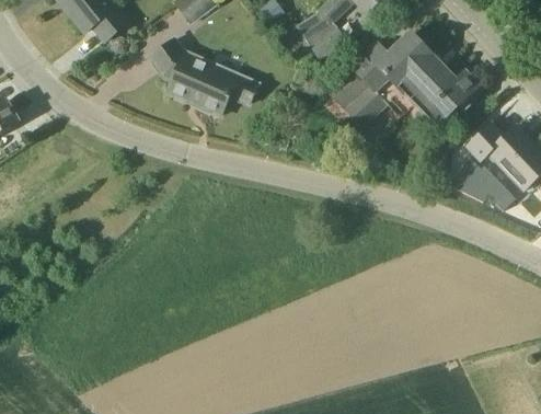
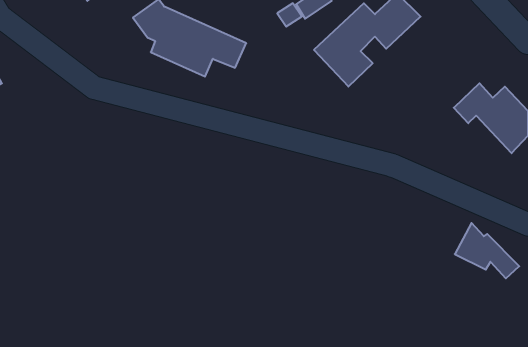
building: [399,56,479,126] -> none
building: [451,156,515,210] -> [455,223,519,278]

